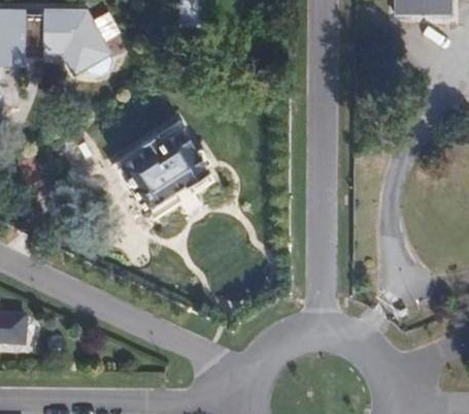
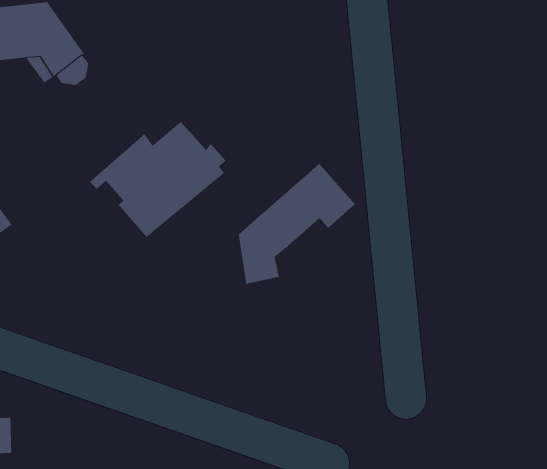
building: none -> [238,163,356,286]

